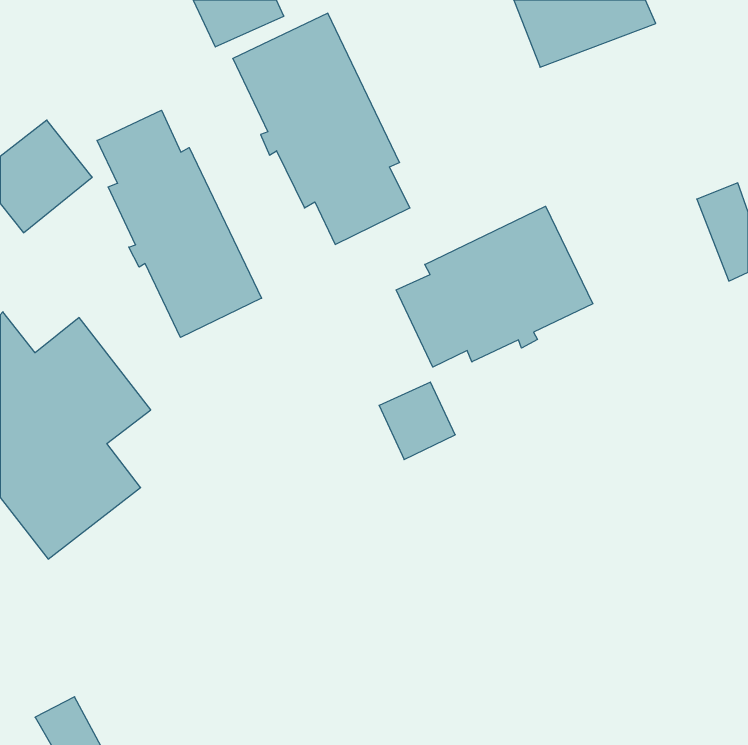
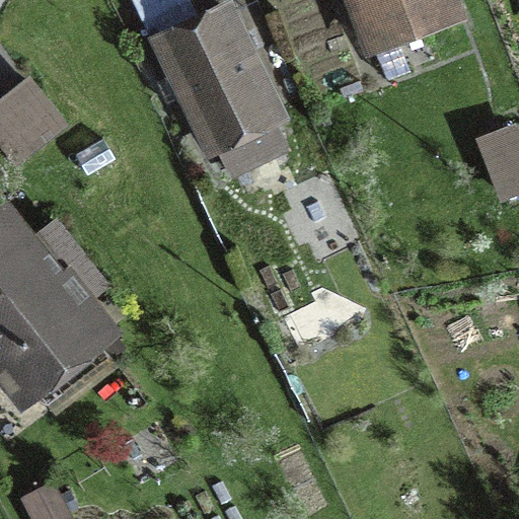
building: [97,110,262,337] -> none
building: [396,206,593,367] -> none

